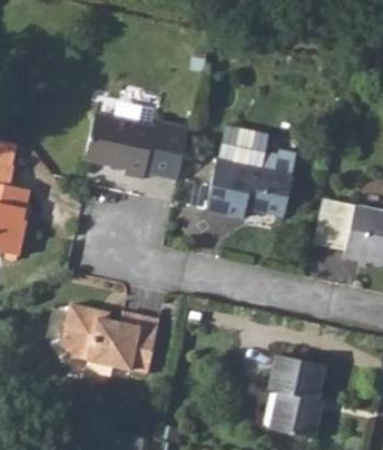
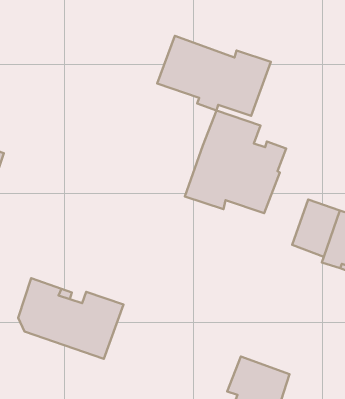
building: [86,114,190,180] -> [157,36,271,116]

